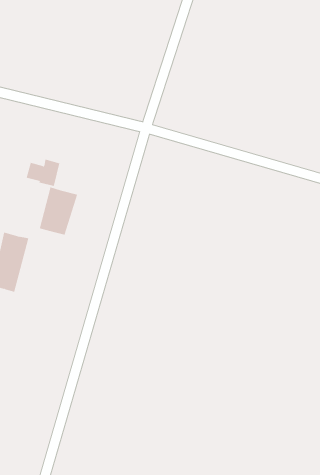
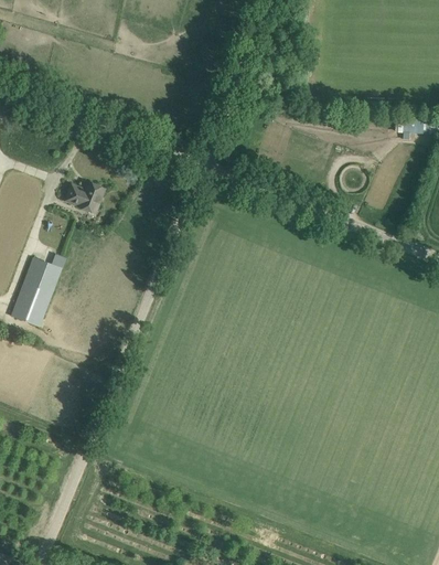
building: [39,187,78,235] -> none

